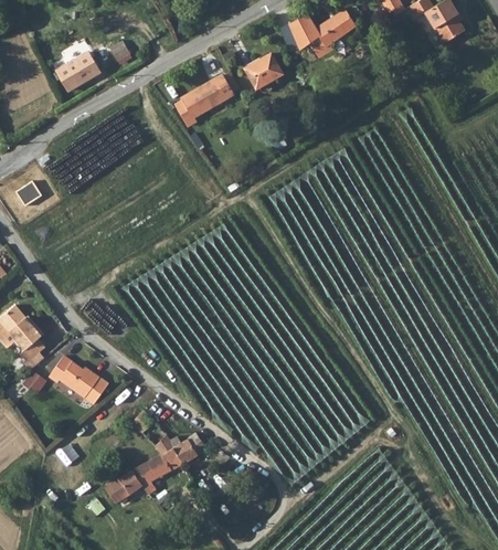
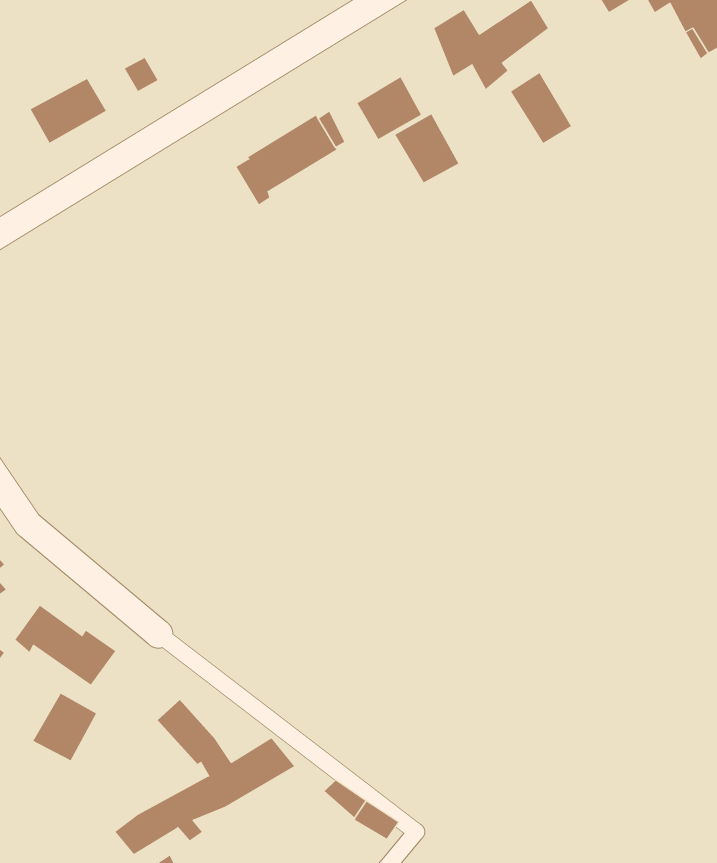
building: none -> [510,72,572,144]
building: none -> [395,114,459,183]
building: none -> [32,693,97,761]

